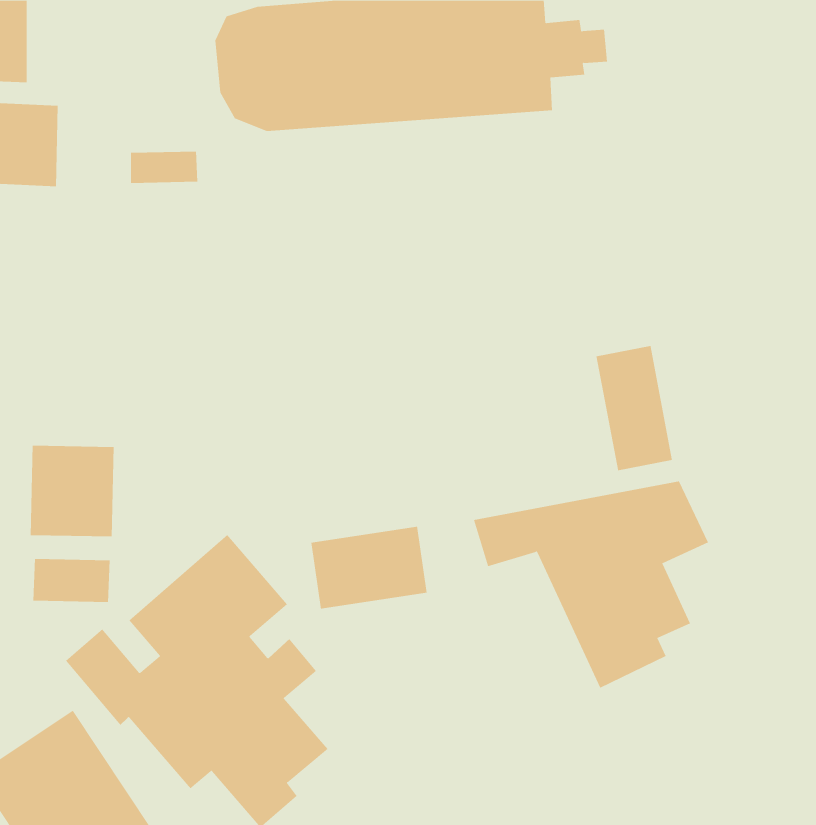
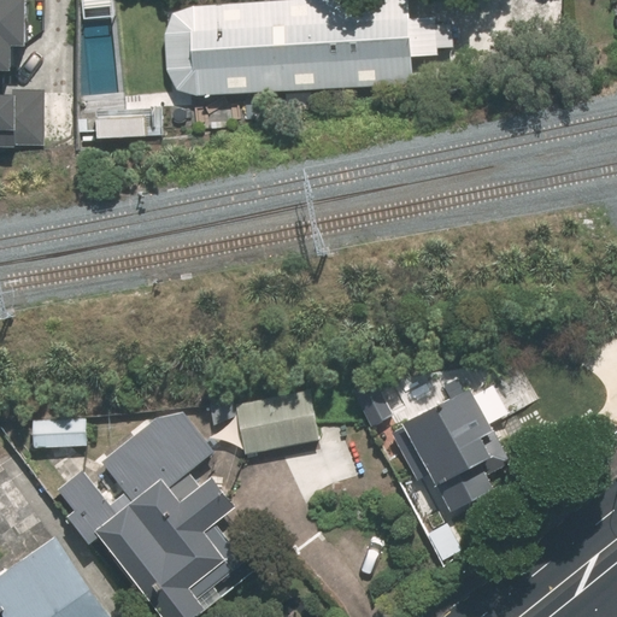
building: [596,345,673,471] -> none
building: [30,445,114,537] -> none

